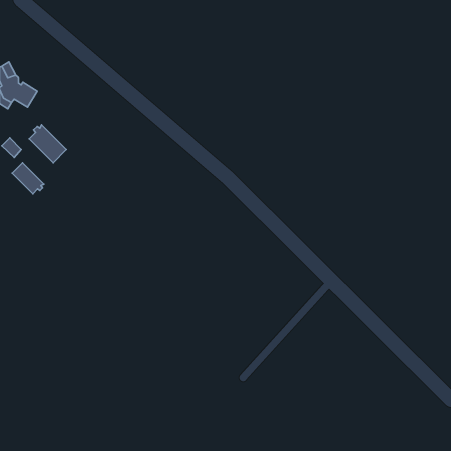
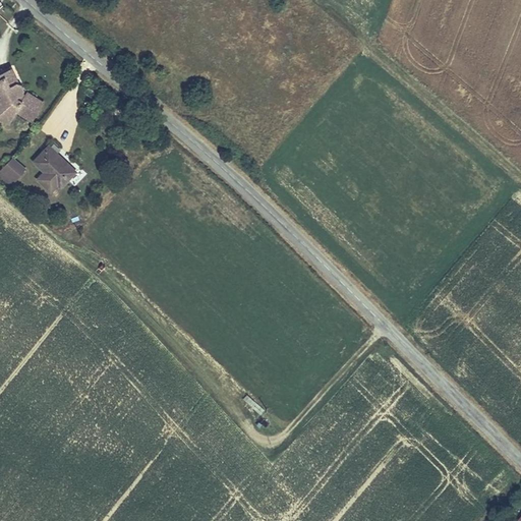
building: [12,163,44,194] -> none

